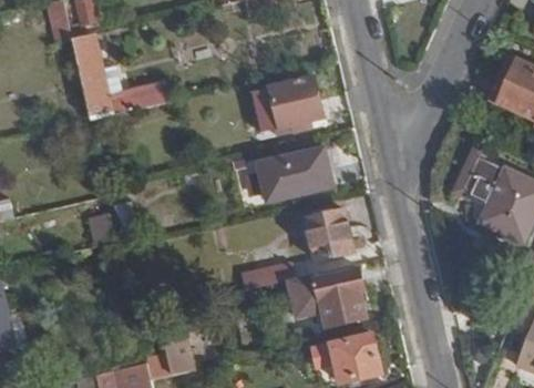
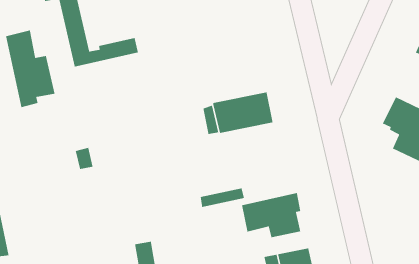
building: none -> [5,30,55,108]
building: [254,76,325,134] -> none
building: [306,211,353,259] -> none

